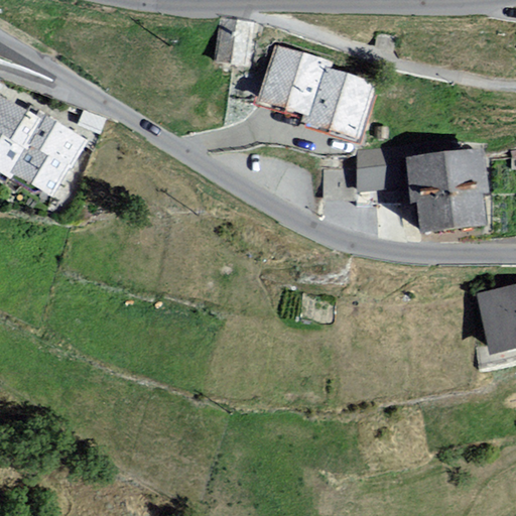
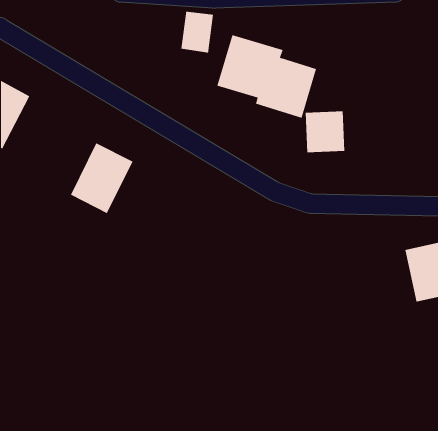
building: [8,114,83,198] -> [70,142,134,214]
building: [409,151,487,236] -> none

